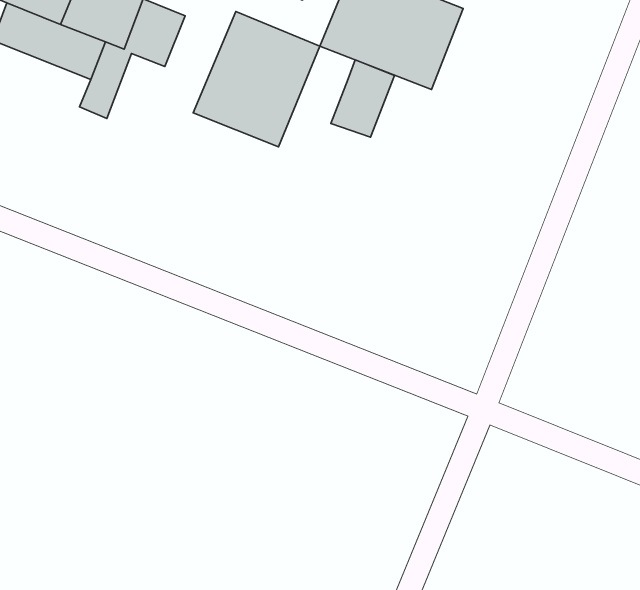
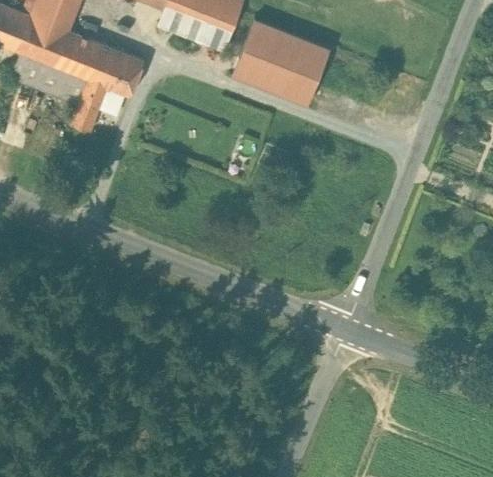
building: [193,11,320,147] -> none
building: [331,60,395,137] -> none

